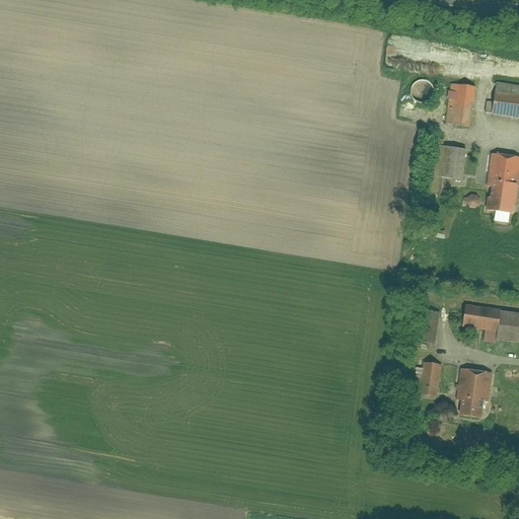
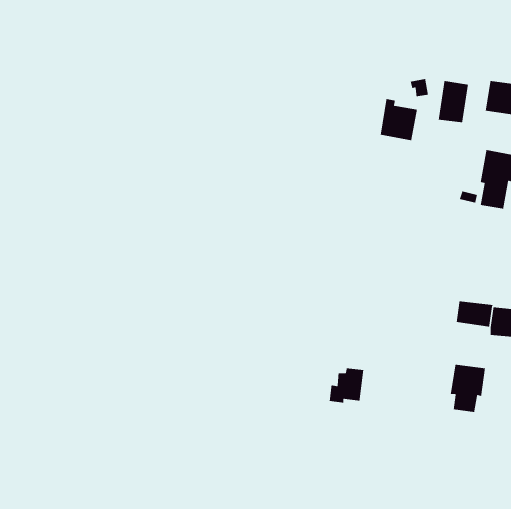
building: [428,136,466,179] -> [380,98,418,141]
building: [419,309,440,343] -> none
building: [406,362,442,398] -> [329,368,364,404]

